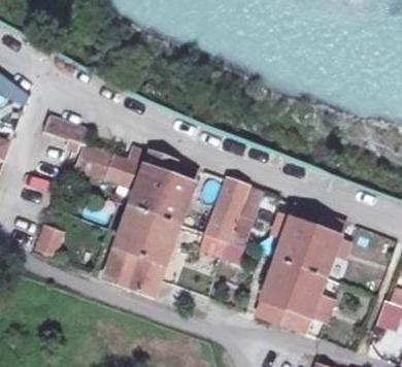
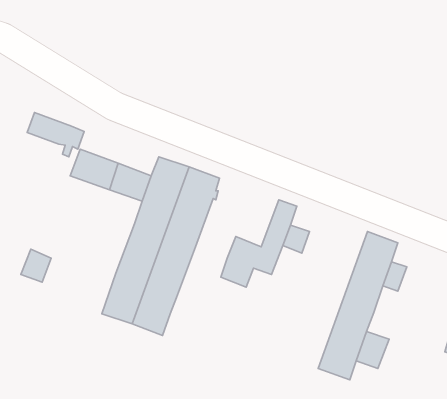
building: [212,179,247,226] -> none
building: [256,205,320,325] -> none

